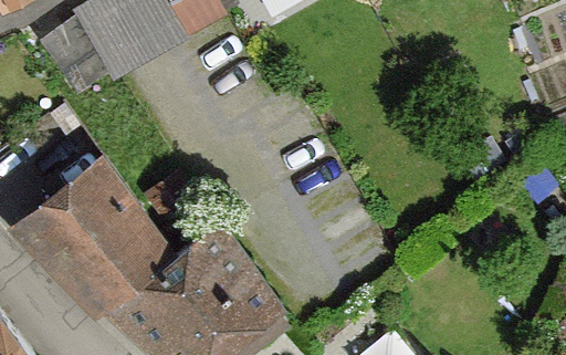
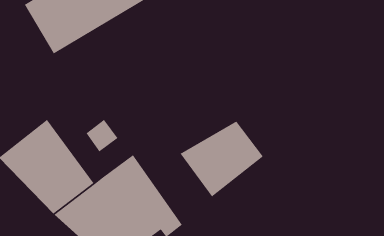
building: none -> [180,120,264,197]

